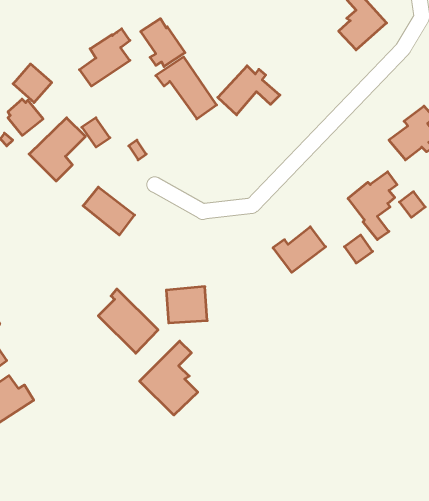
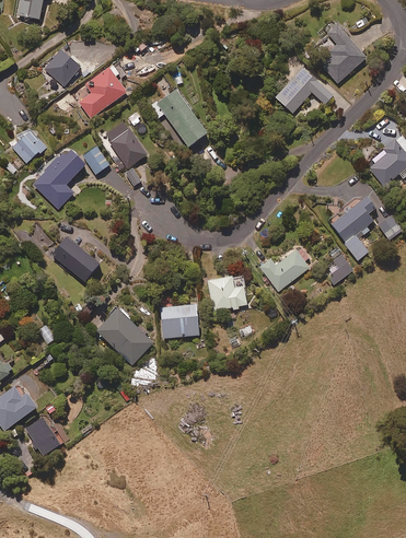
building: [141,19,185,67] -> [105,122,147,167]
building: [13,64,52,103] -> [44,47,80,83]
building: [218,66,280,115] -> [275,67,333,113]
building: [83,187,135,235] -> [51,237,100,282]
building: none -> [208,276,246,309]
building: [140,341,198,415] -> none
building: none -> [25,417,60,455]

